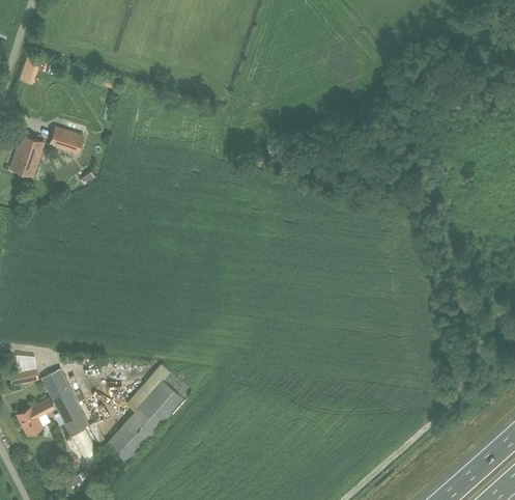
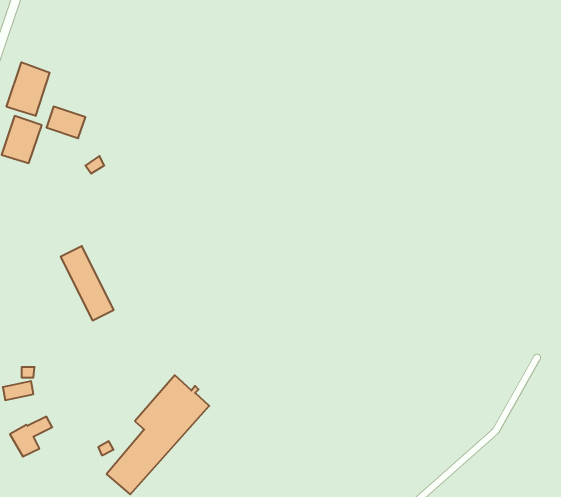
building: none -> [7,62,50,116]
building: [41,369,88,435] -> [61,246,114,320]

